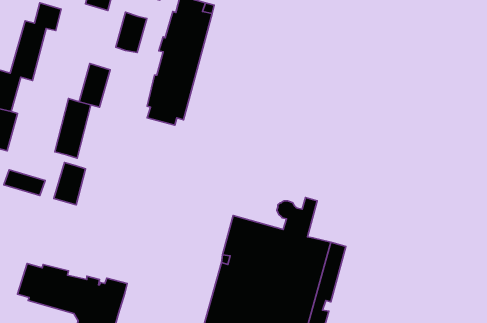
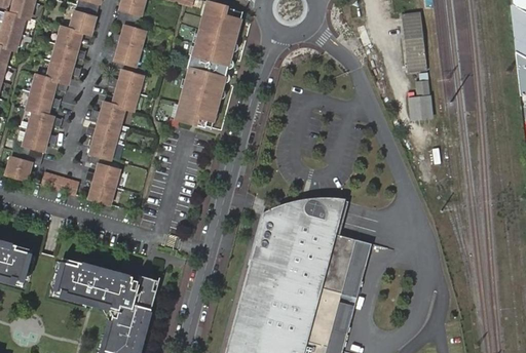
building: none -> [402,11,427,71]
building: [116,12,147,53] -> [115,26,145,65]
building: none -> [410,78,433,117]
building: none -> [262,197,332,228]

